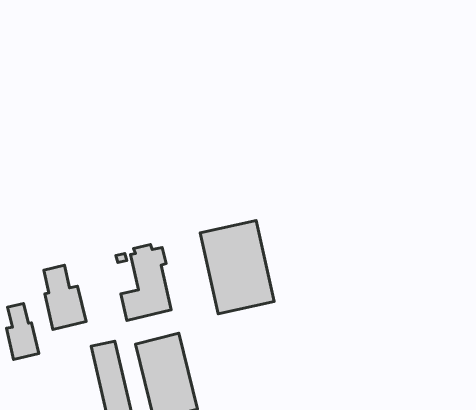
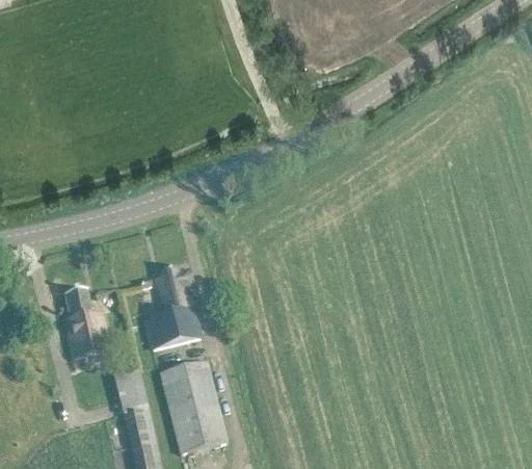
building: [200,221,274,314] -> none
building: [6,304,39,360] -> none

